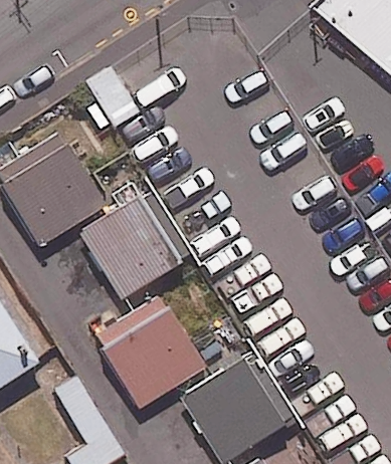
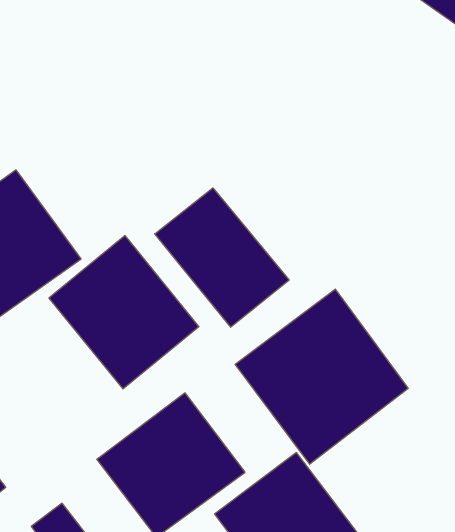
building: none -> [155,188,289,327]
building: none -> [235,289,408,464]

